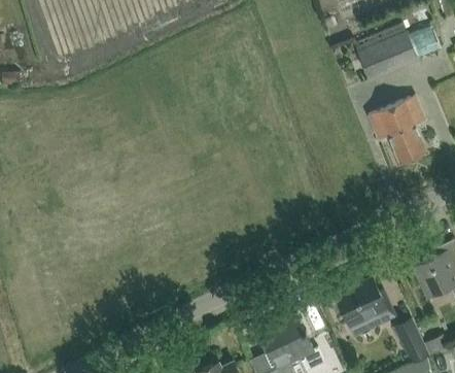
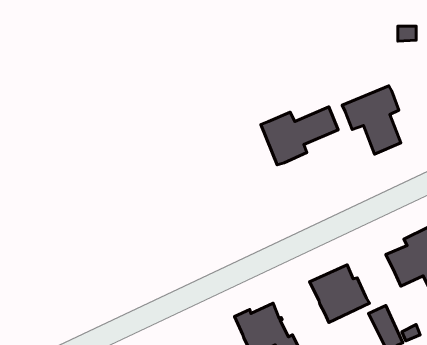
building: [352,23,418,81] -> none
building: none -> [261,107,338,165]

